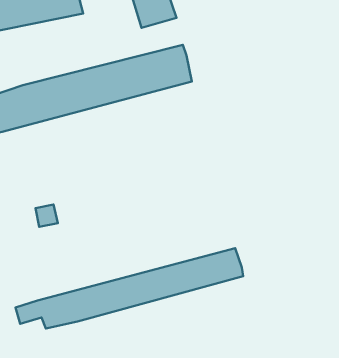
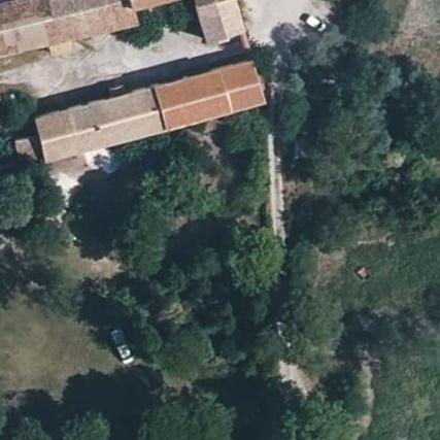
building: [16,248,243,328] -> none

